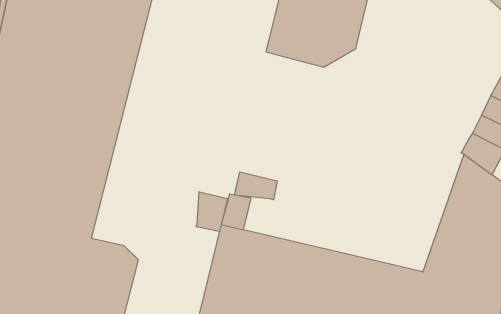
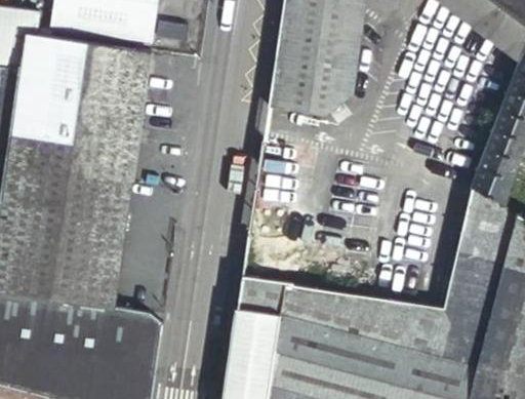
building: [235,172,277,200] -> none
building: [196,192,227,231] -> none

